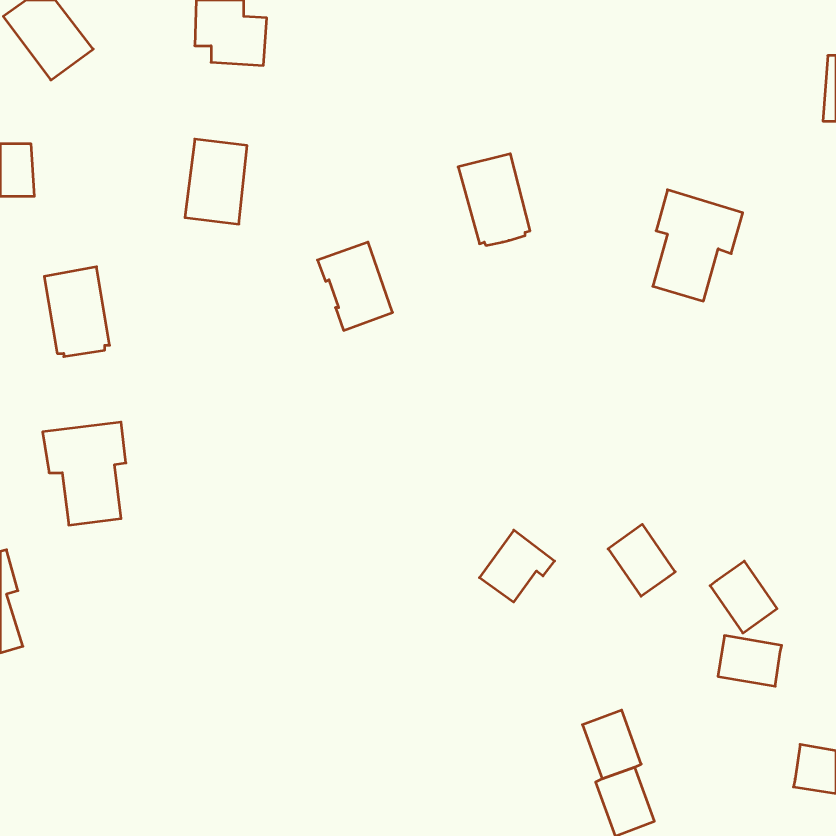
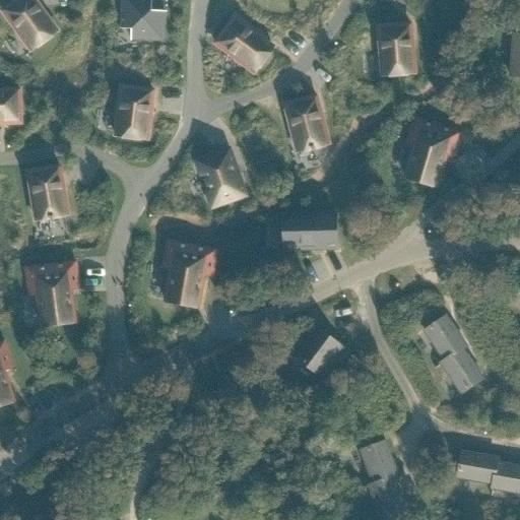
building: none -> [215,16,274,72]
building: none -> [378,23,414,75]
building: none -> [283,214,336,249]
building: none -> [164,241,216,307]
building: [608,524,675,596] -> [425,316,466,361]
building: [718,636,782,686] -> [458,452,498,483]

